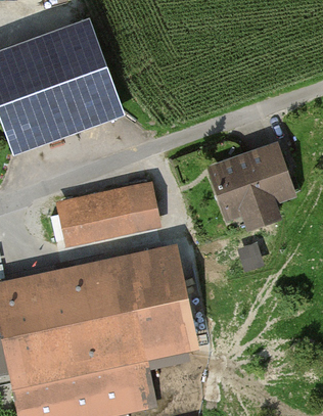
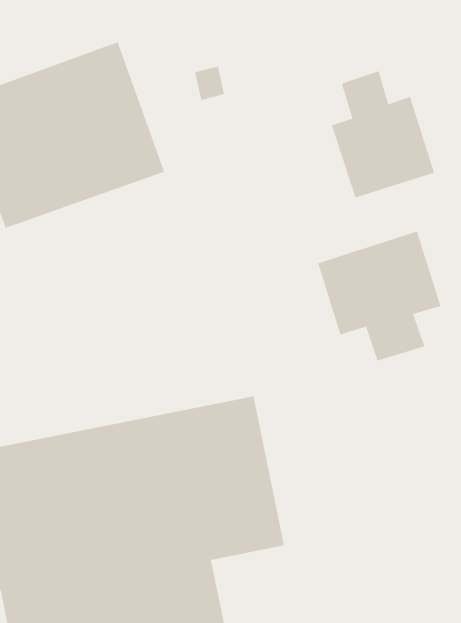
building: none -> [331,70,435,198]
building: [57,180,159,244] -> none

